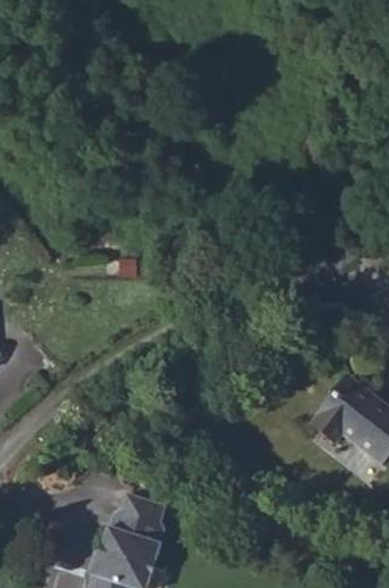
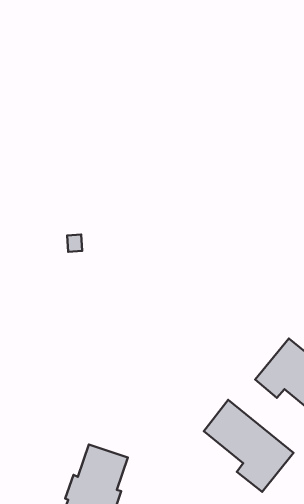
building: none -> [204,400,294,492]

